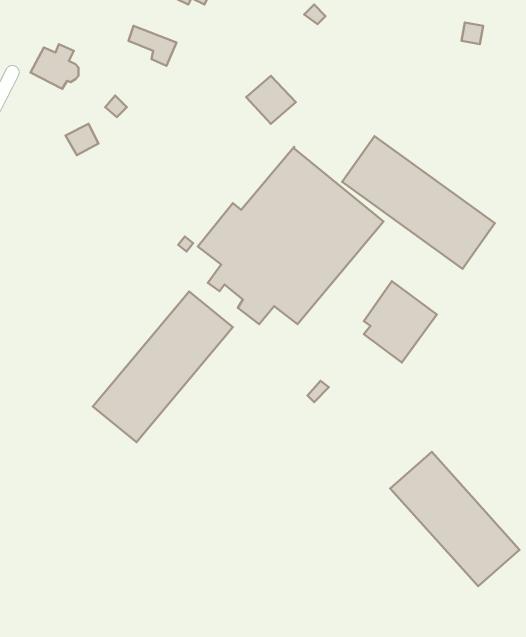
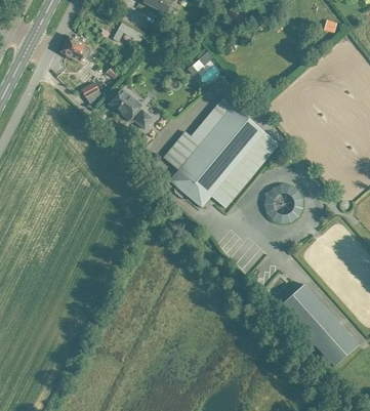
building: none -> [109,88,152,128]
building: [342,136,495,269] -> none
building: [93,291,233,442] -> none

